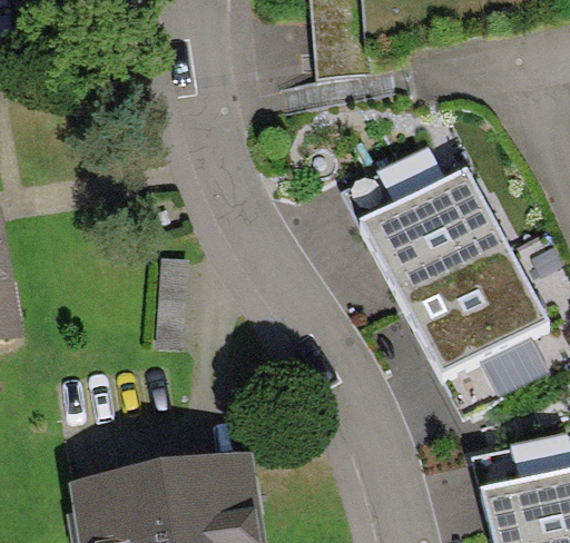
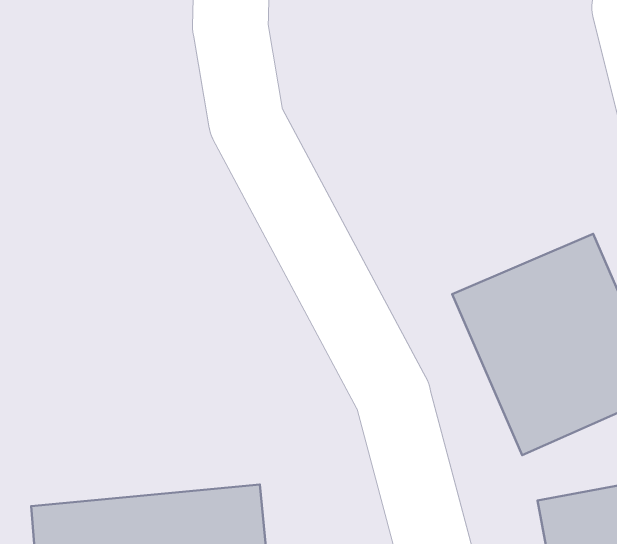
building: [341,135,505,297] -> none

